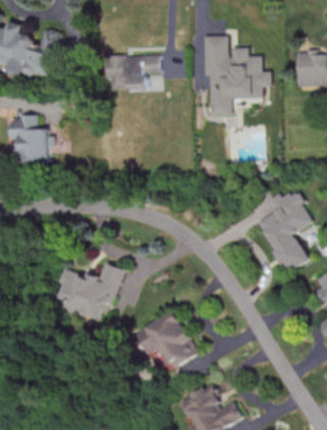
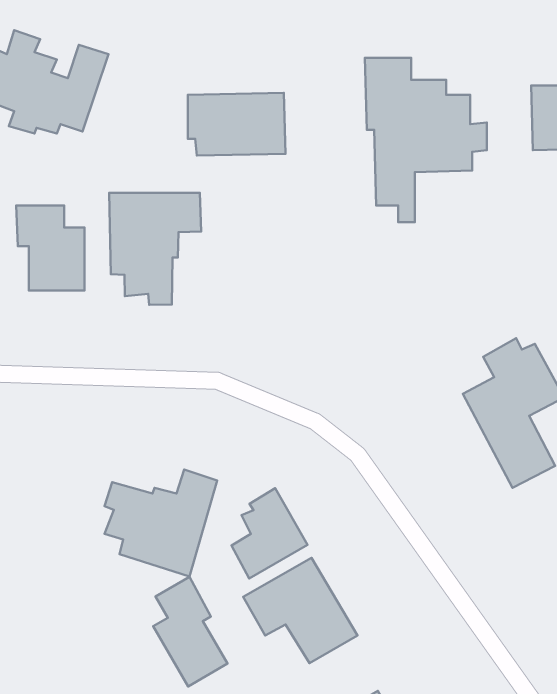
building: none -> [109,193,201,305]
building: none -> [231,488,308,578]
building: none -> [153,577,227,686]

